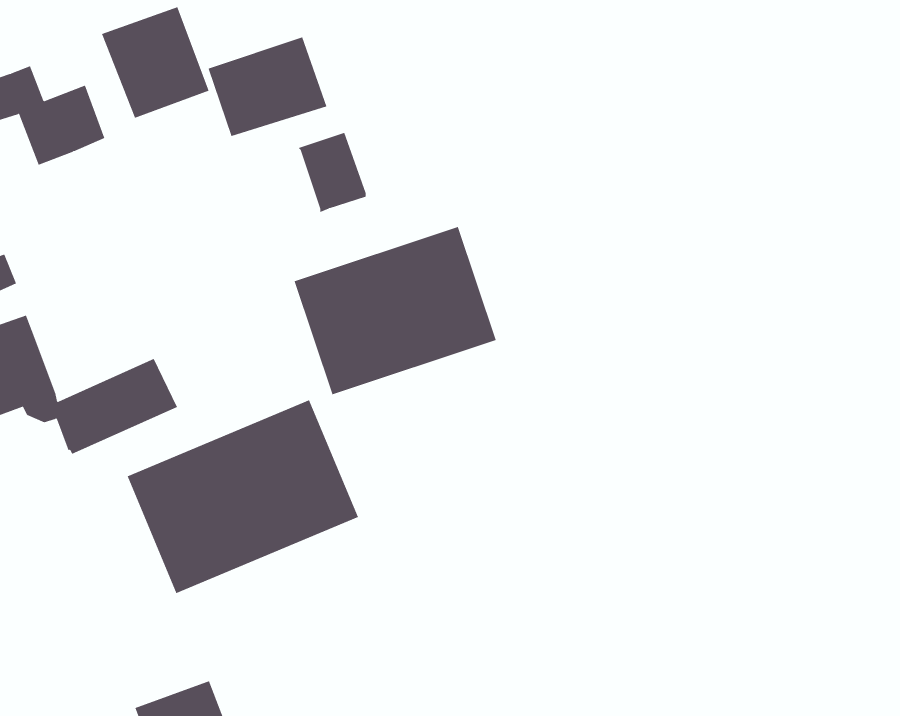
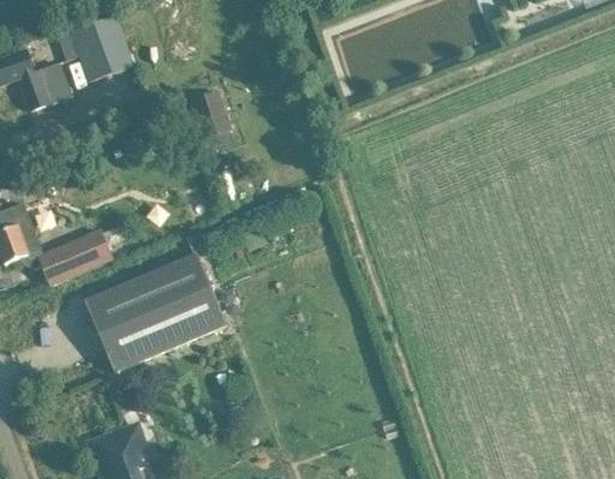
building: [208,37,327,137] -> none
building: [294,226,497,395] -> none

